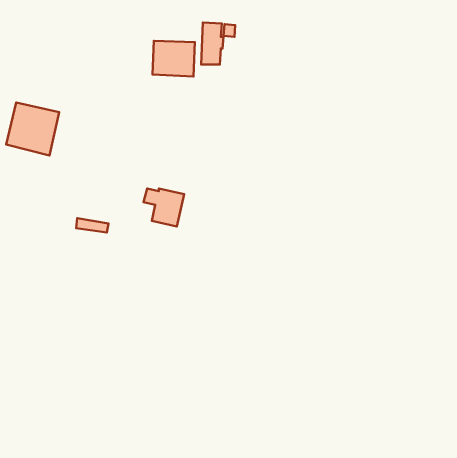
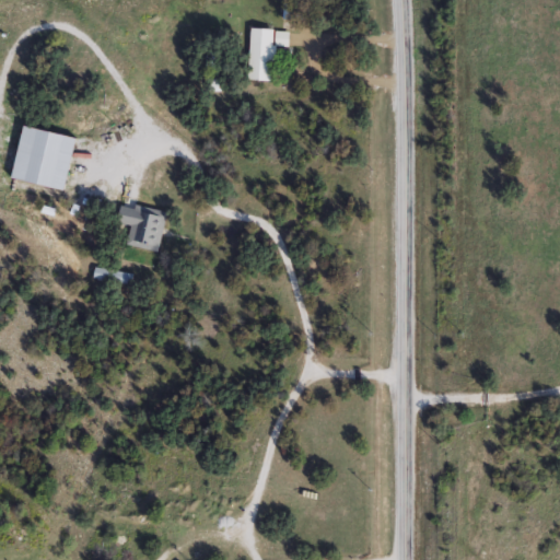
building: [153,41,195,76] -> none
building: [144,189,184,226] -> [117,205,166,250]

